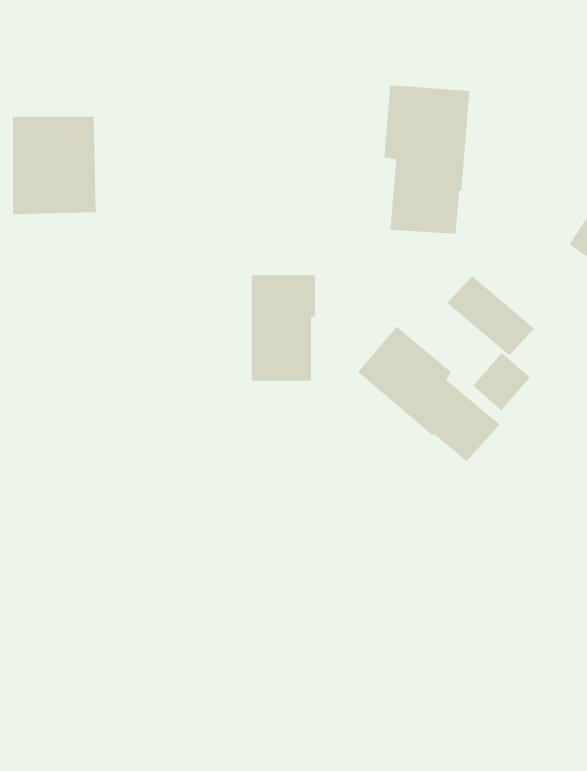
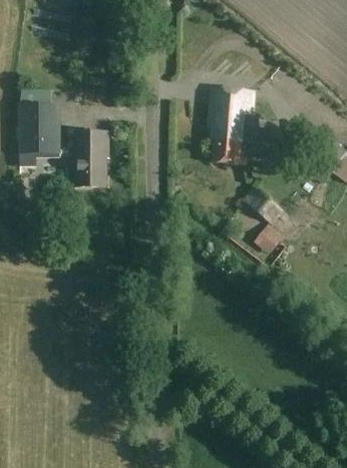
building: [251,275,316,381] -> [75,132,108,186]
building: [357,326,500,462] -> none

